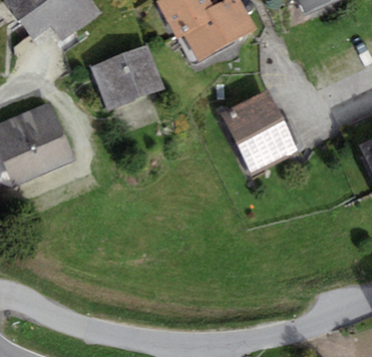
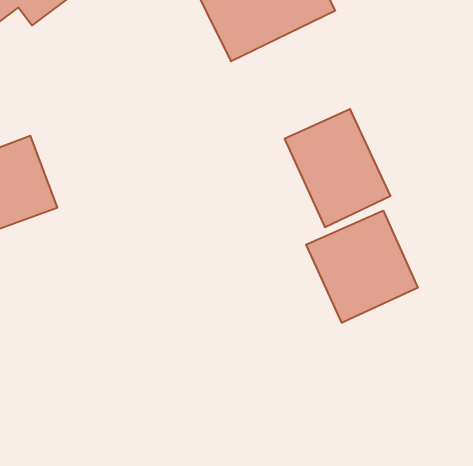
building: [92,46,163,110] -> none
building: none -> [306,211,418,323]

